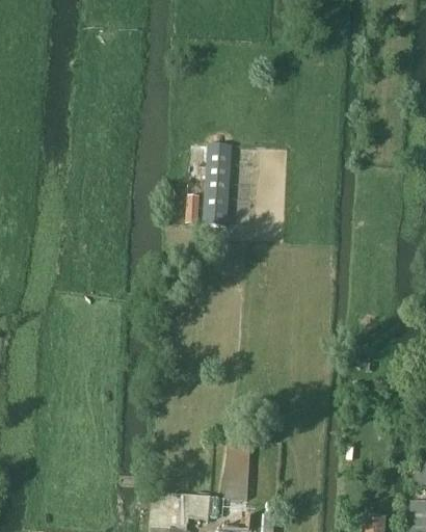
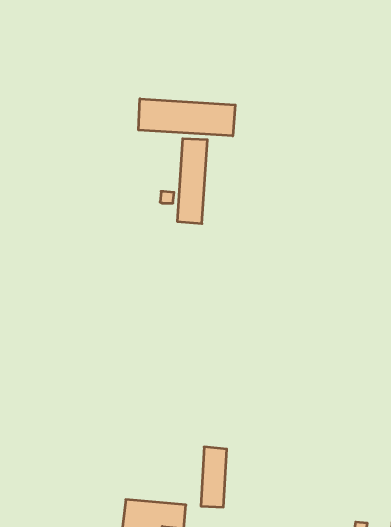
building: none -> [139,99,235,136]

